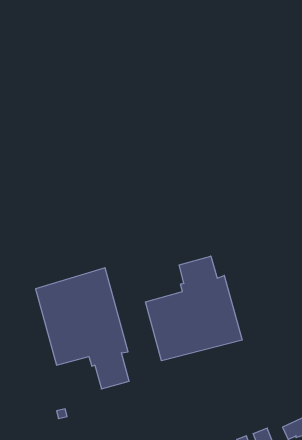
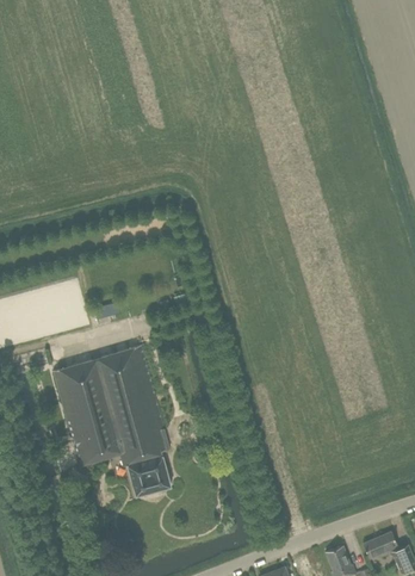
building: [145,256,242,361] -> none

